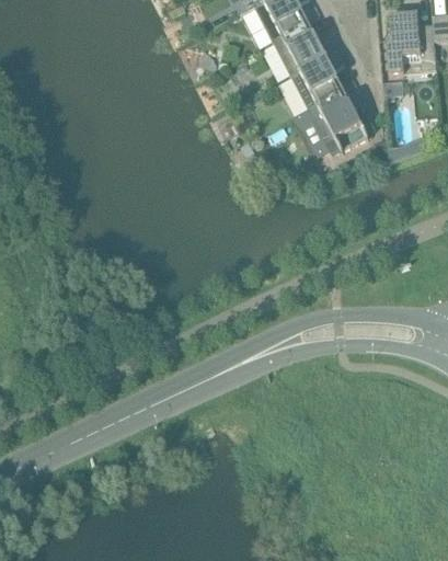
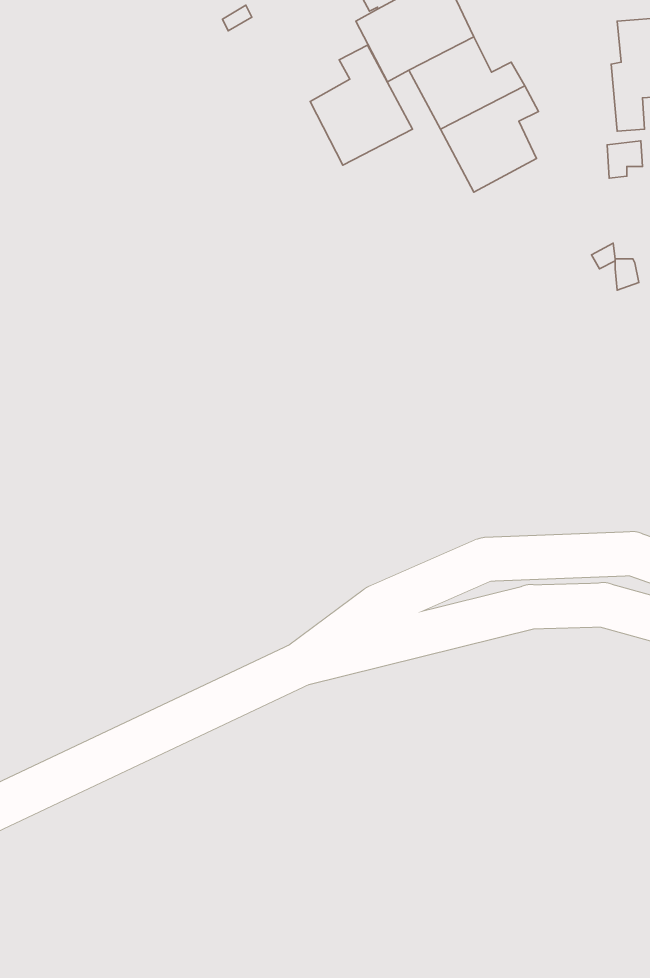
building: none -> [310,45,413,165]
building: [307,90,366,156] -> none

